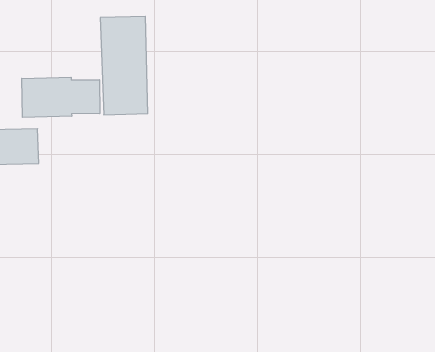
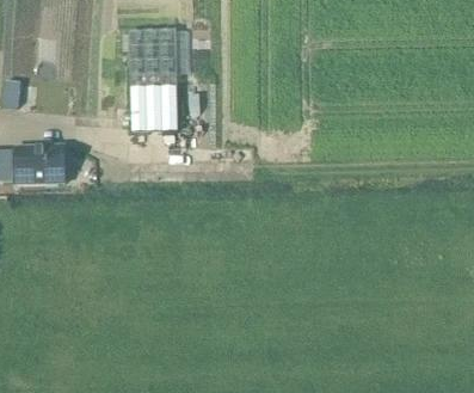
building: [22,77,100,117] -> none

